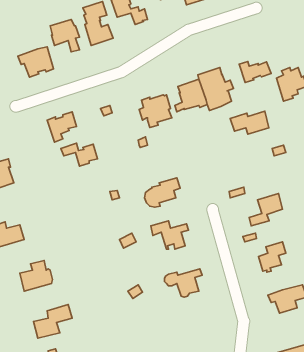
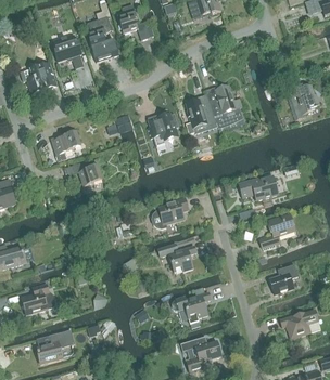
building: [239,62,271,82] -> none
building: [230,111,269,134] -> [238,176,278,200]
building: none -> [180,337,221,372]

